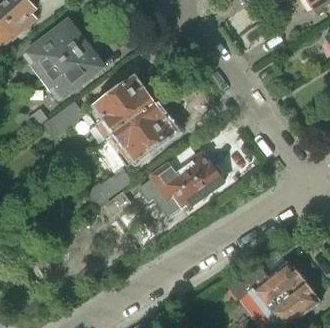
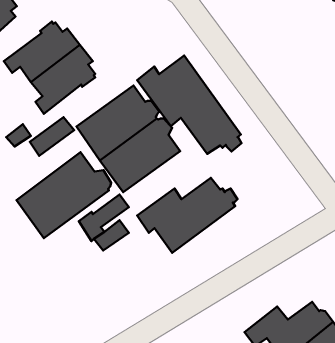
building: none -> [137,55,242,154]
building: none -> [16,152,111,238]

